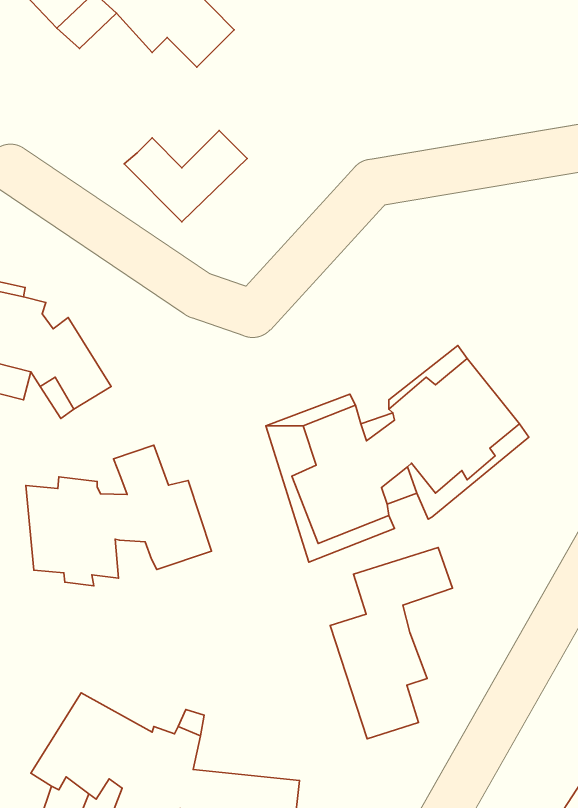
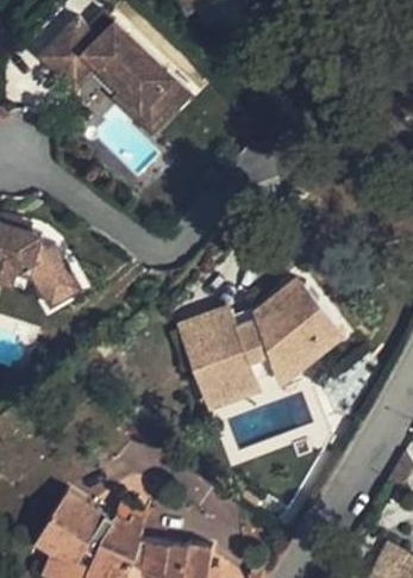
building: [124,130,247,222] -> [104,68,182,126]
building: [26,445,211,586] -> none
building: [330,547,453,739] -> none

